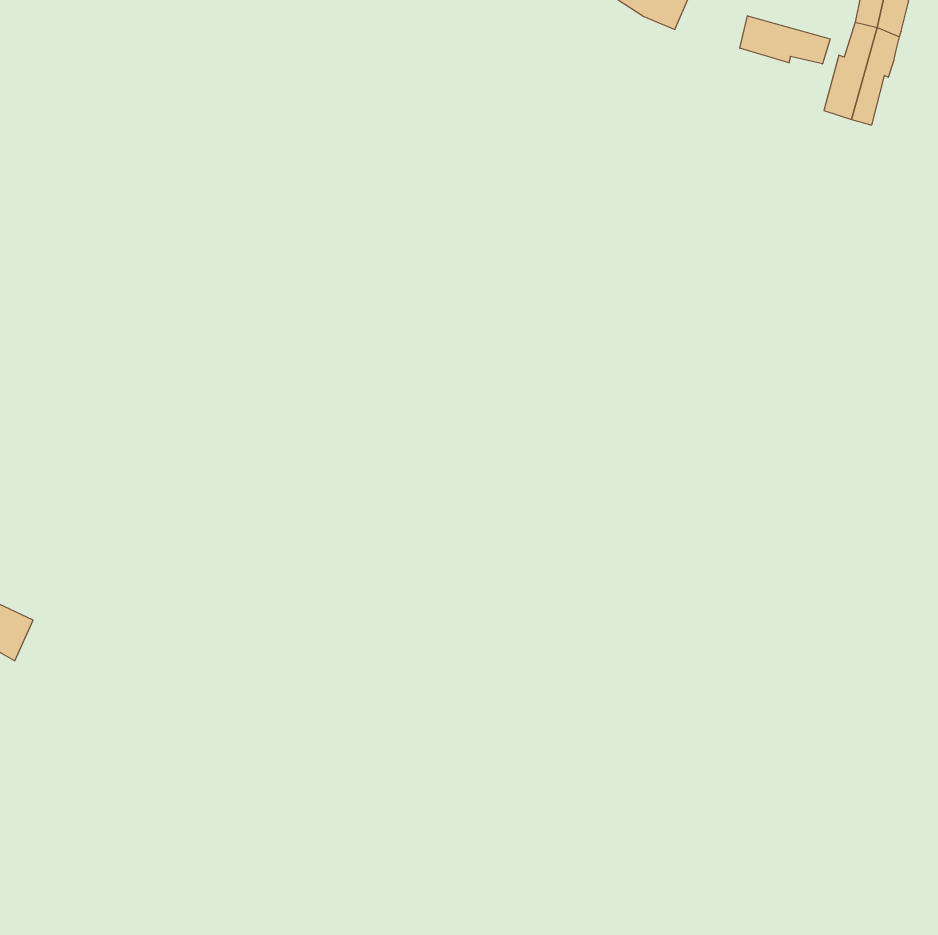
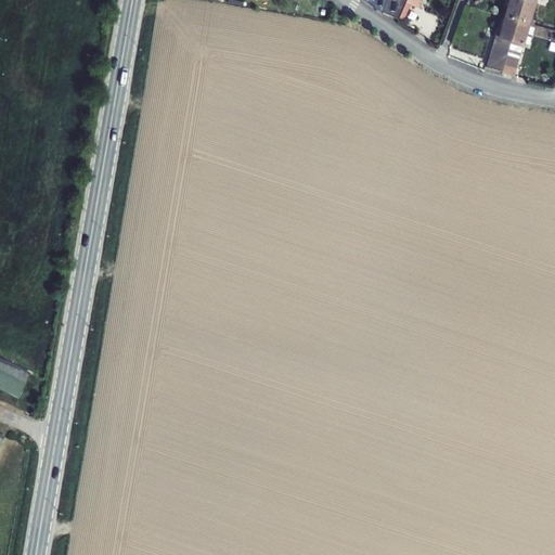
building: [740,16,830,64] -> none

